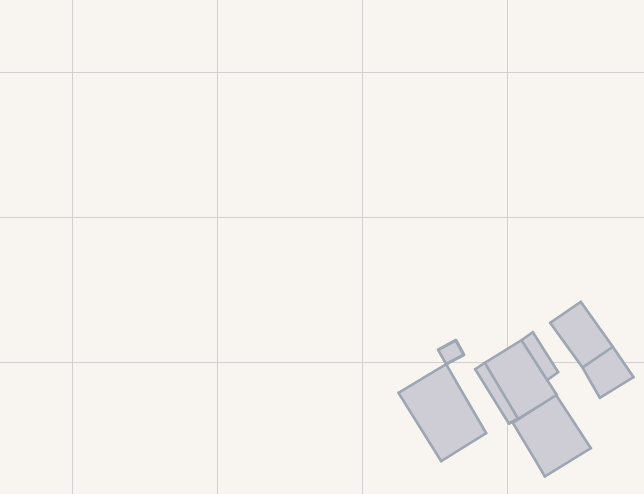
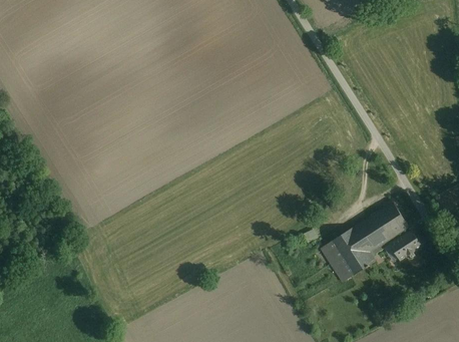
building: [399,364,486,461] -> none
building: [513,395,591,477] -> none

